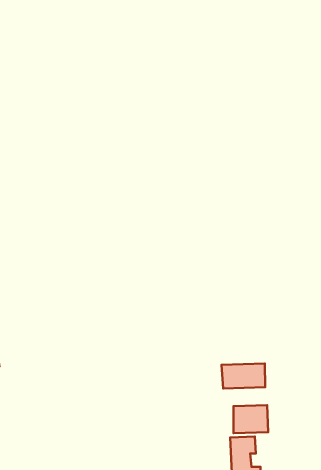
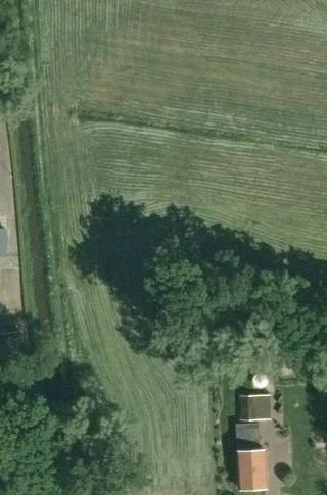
building: [221,363,265,388] -> none

